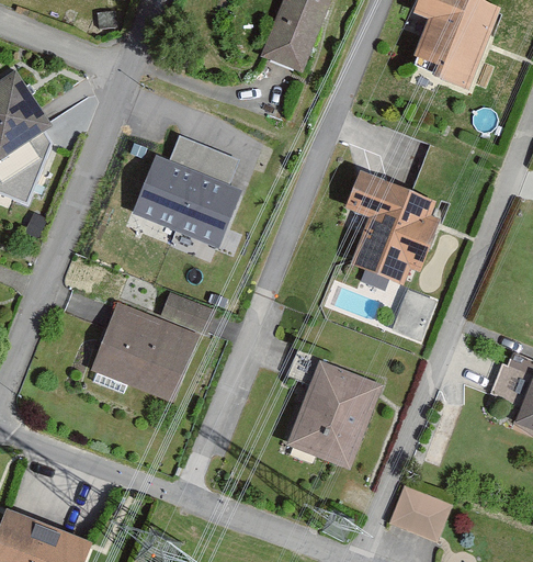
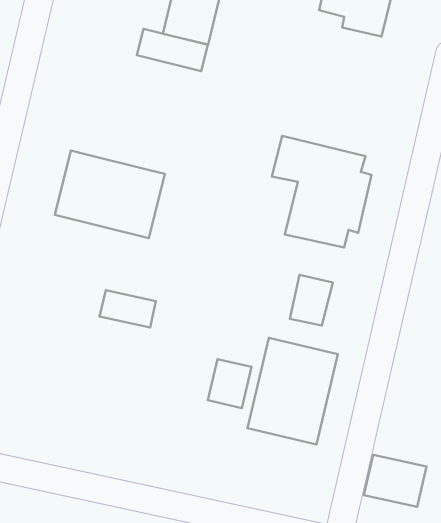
building: [169,135,238,183] -> [137,29,208,71]
building: [392,289,438,340] -> [290,275,333,326]
building: [90,302,199,402] -> none
building: none -> [208,359,251,408]

